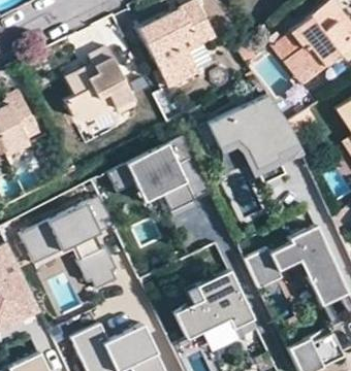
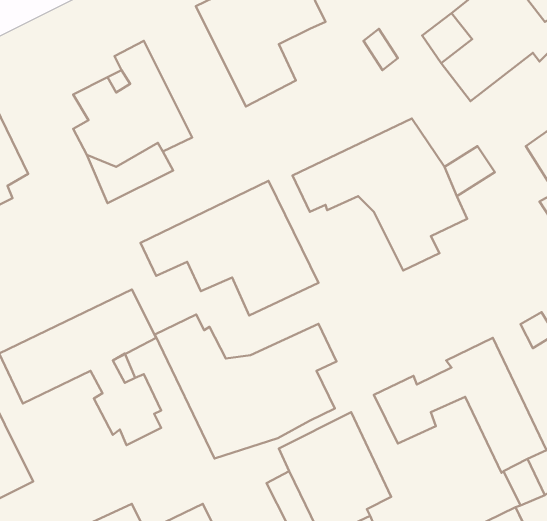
building: none -> [155,314,337,459]

